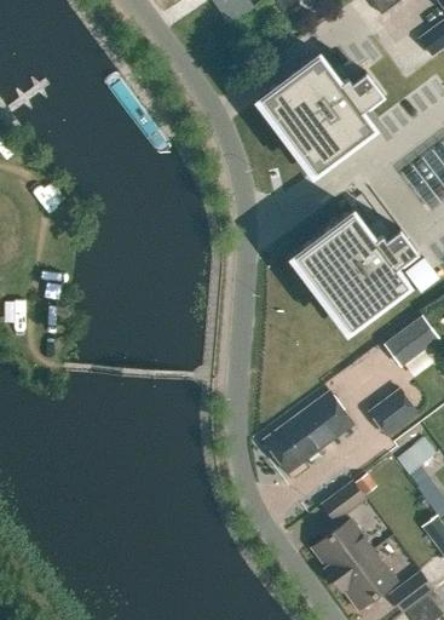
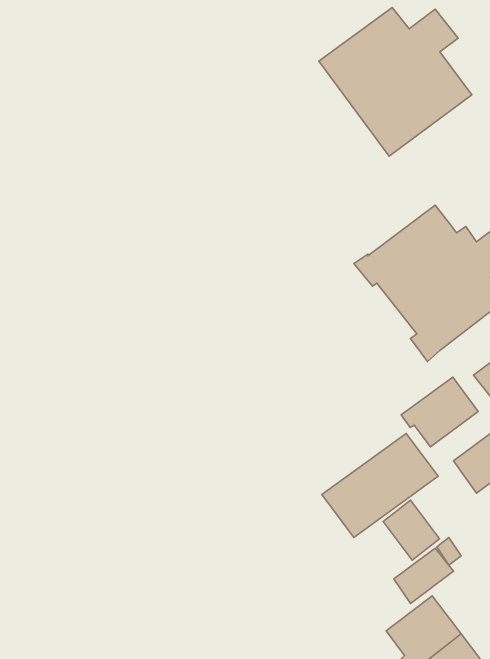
building: none -> [401,377,478,447]
building: none -> [383,500,439,560]

